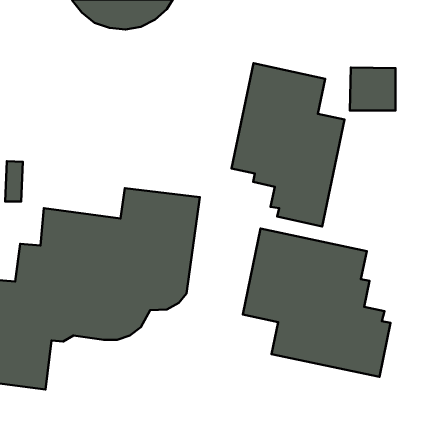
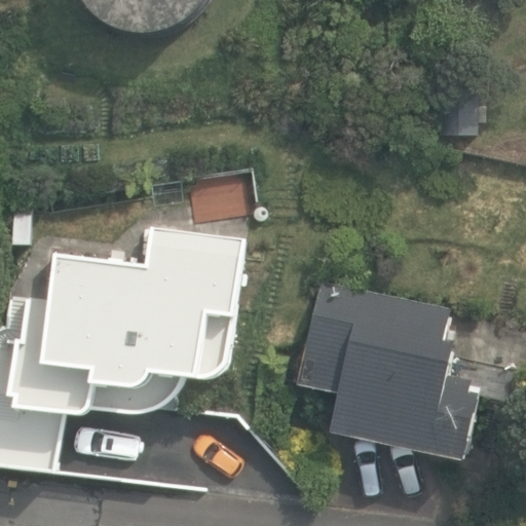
building: [232,63,345,226] -> none

